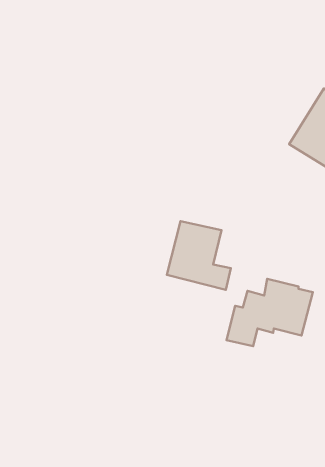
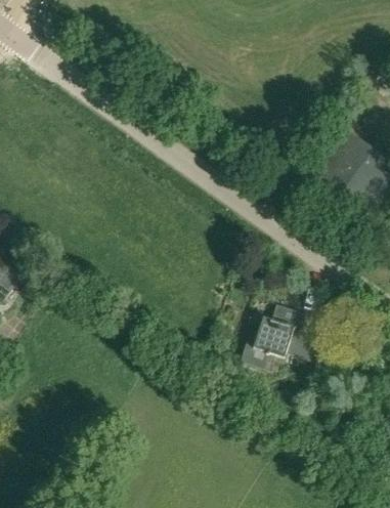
building: [167,221,231,290] -> none

